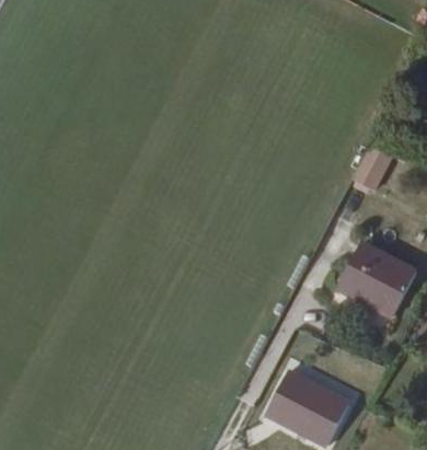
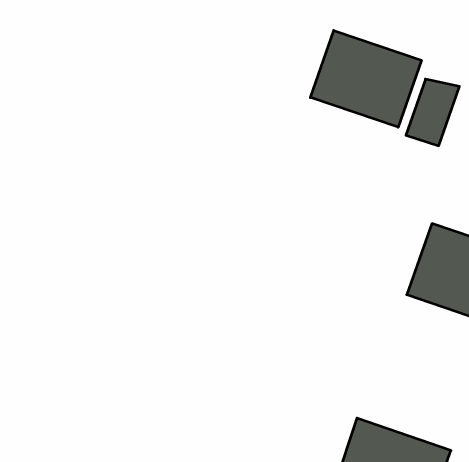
building: none -> [310,30,421,127]

